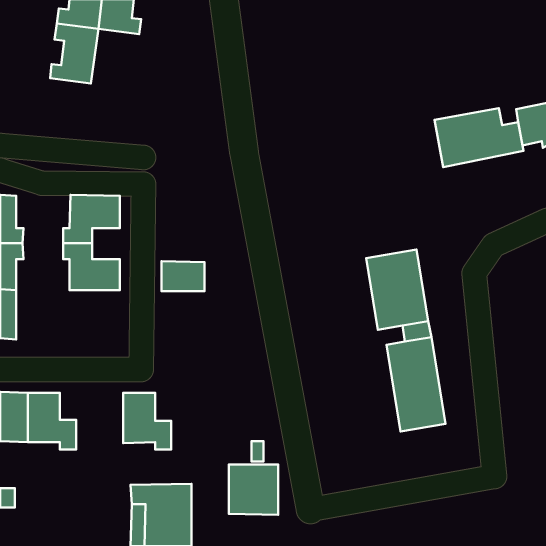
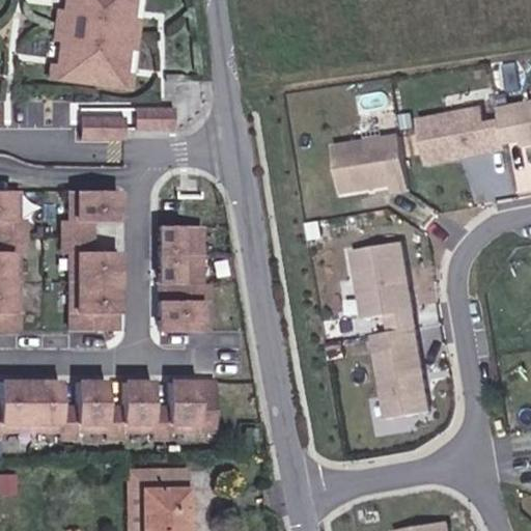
building: none -> [89,28,136,86]
building: none -> [134,107,173,128]
building: none -> [80,116,124,137]
building: none -> [336,133,412,191]
building: none -> [158,225,199,254]
building: none -> [68,281,117,329]
building: none -> [158,282,206,330]
building: none -> [75,381,120,436]
building: [229,465,278,515] -> [167,381,215,429]

